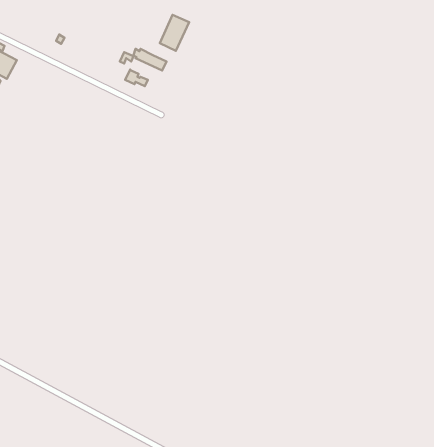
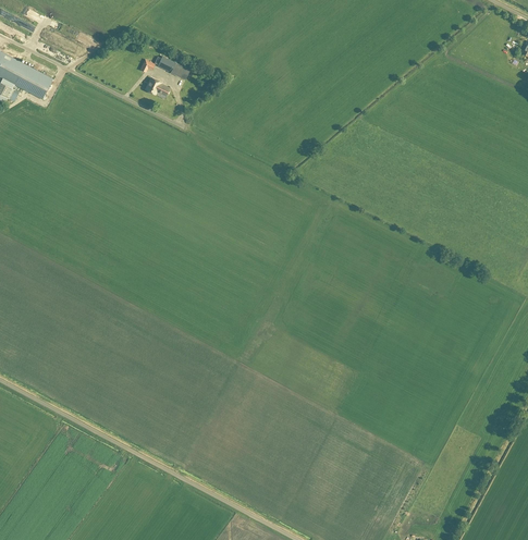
building: [160,15,189,51] -> none

